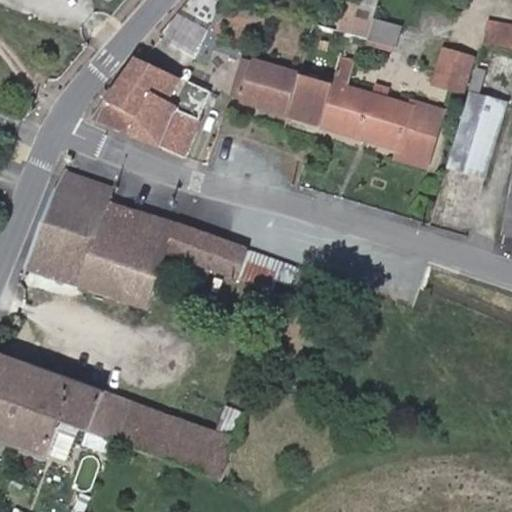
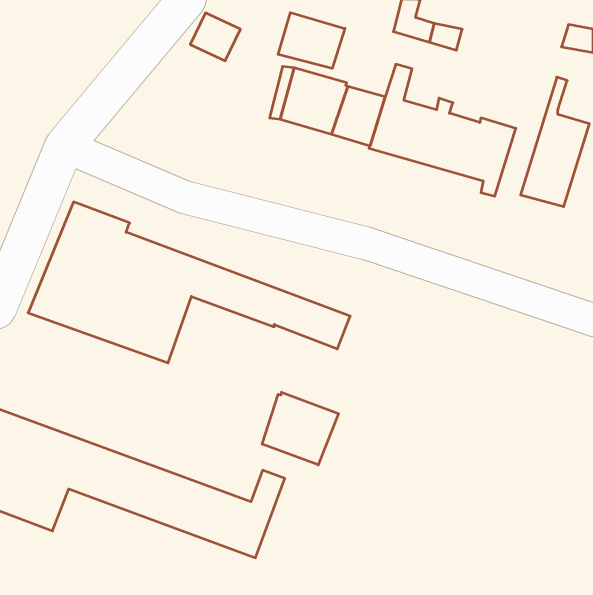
building: none -> [278,13,345,68]
building: [431,49,470,91] -> none
building: [93,58,210,155] -> none
building: none -> [262,392,338,465]

